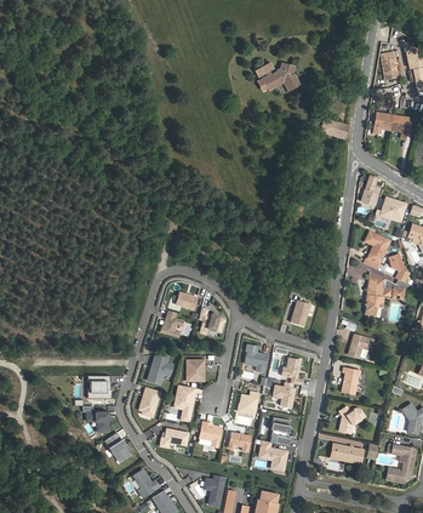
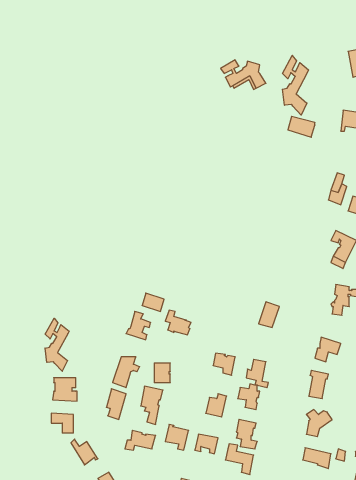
building: none -> [282,55,309,115]
building: none -> [45,318,69,371]

